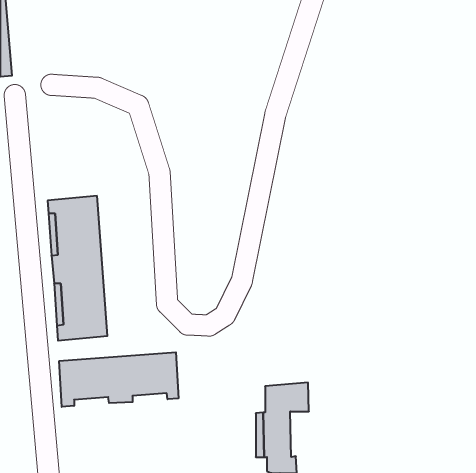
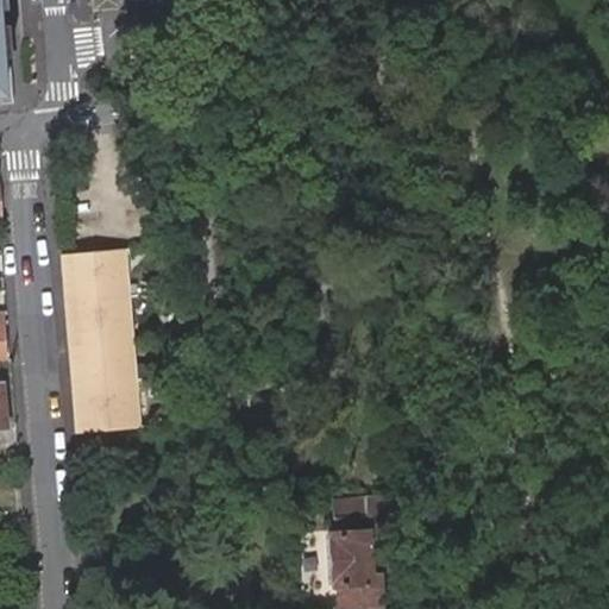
building: [59,352,178,407] -> none

